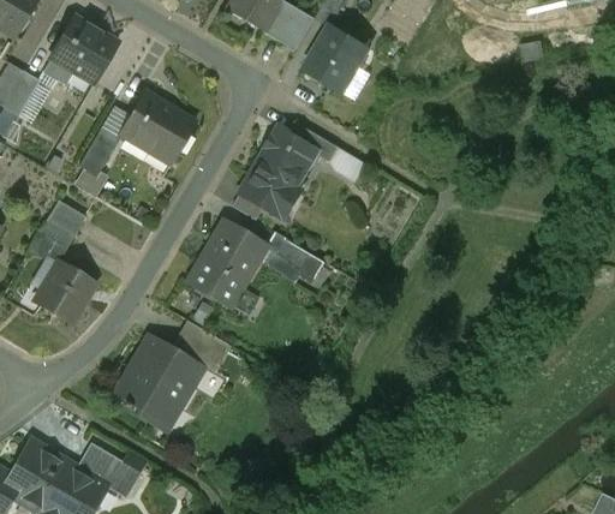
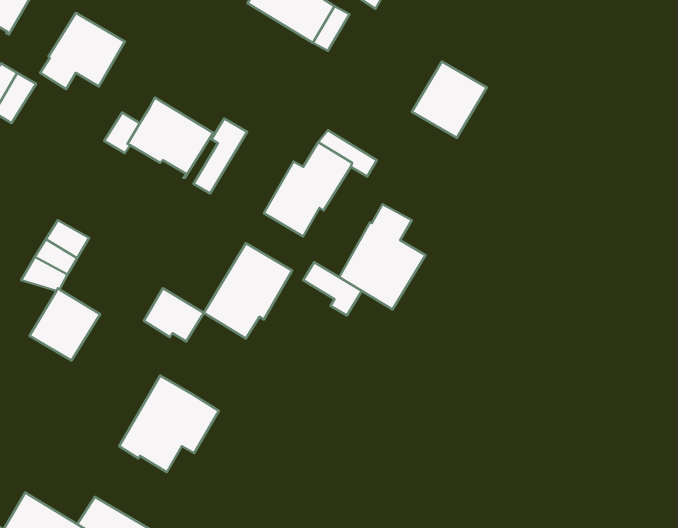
building: [304,26,370,94] -> [412,62,487,138]
building: none -> [194,118,247,193]
building: [78,131,117,177] -> none
building: none -> [339,204,425,309]
building: [177,325,229,372] -> [144,288,204,341]

